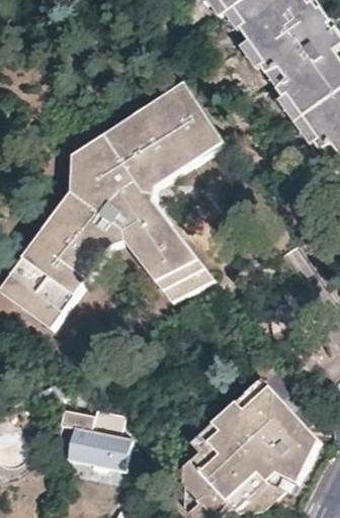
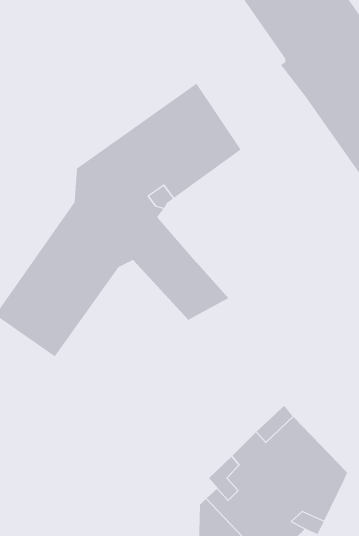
building: [56,408,131,468] -> none

